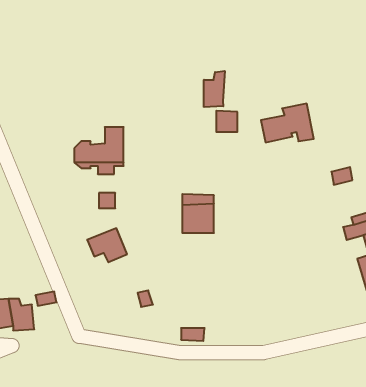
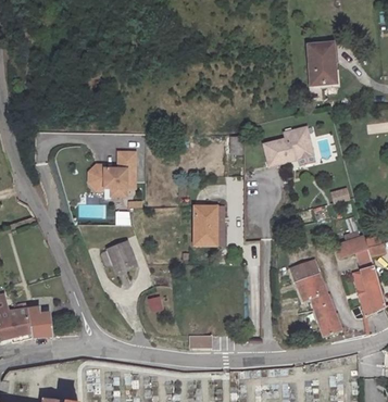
building: none -> [311,45,338,86]
building: [204,71,225,107] -> none
building: none -> [292,257,341,334]

